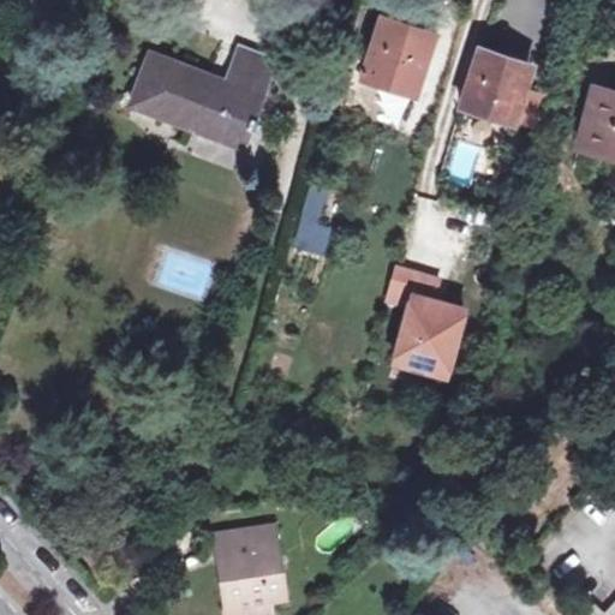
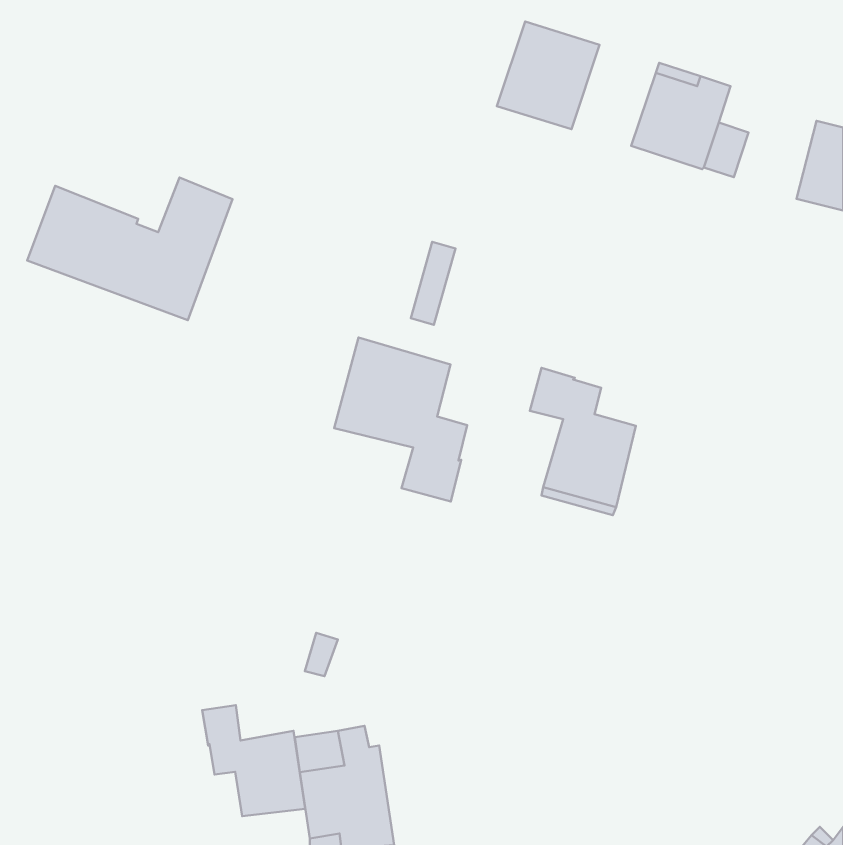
building: [127,46,276,149] -> [27,178,233,320]
building: none -> [334,337,467,502]
building: none -> [202,705,305,816]

